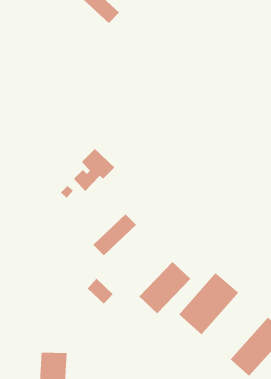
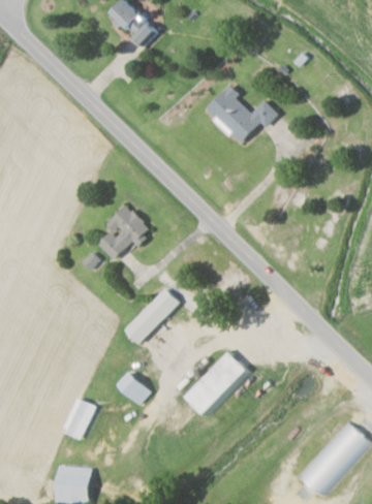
building: none -> [206,85,279,145]
building: [179,272,239,335] -> none
building: none -> [62,398,95,439]

